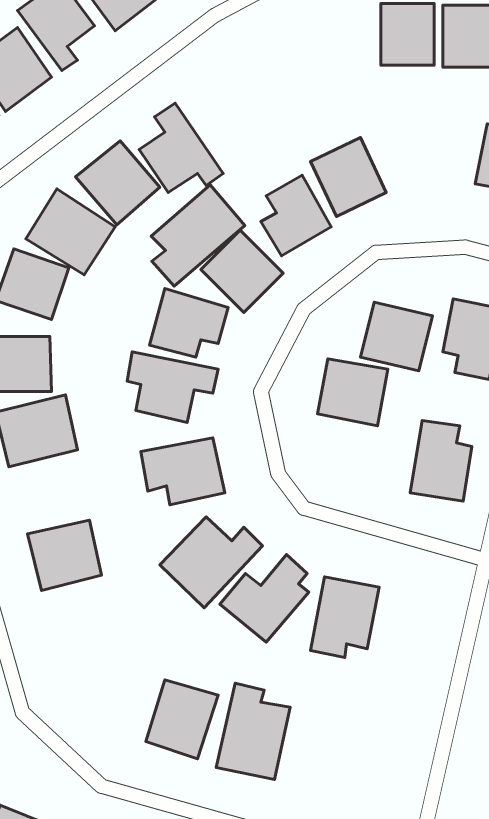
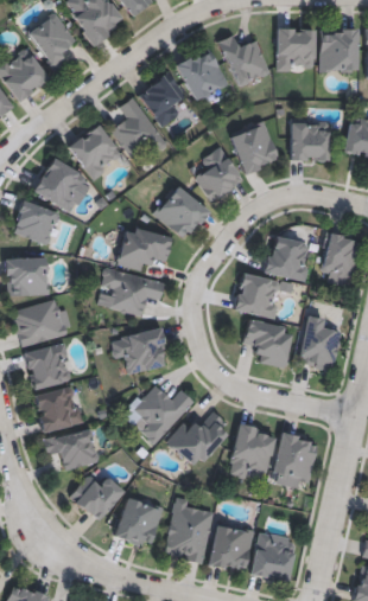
building: none -> [218,37,269,88]
building: none -> [175,47,229,103]
building: none -> [137,72,184,128]
building: none -> [290,120,329,161]
building: [151,185,245,286] -> none
building: none -> [241,320,294,369]
building: none -> [23,343,72,391]
building: none -> [42,428,99,472]
building: none -> [271,434,317,488]
building: none -> [68,474,123,523]
building: none -> [208,523,254,574]
building: none -> [250,532,296,583]

